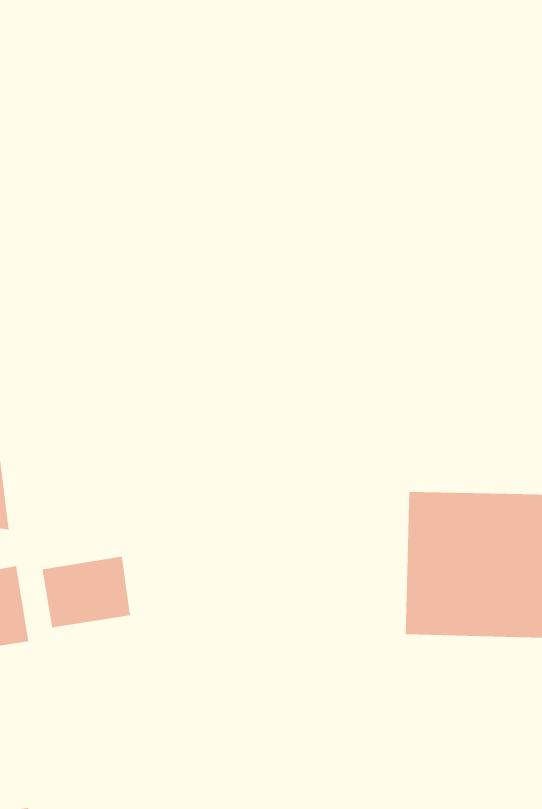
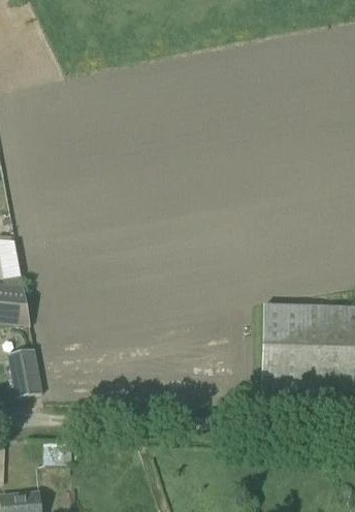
building: [42,556,130,628] -> none

